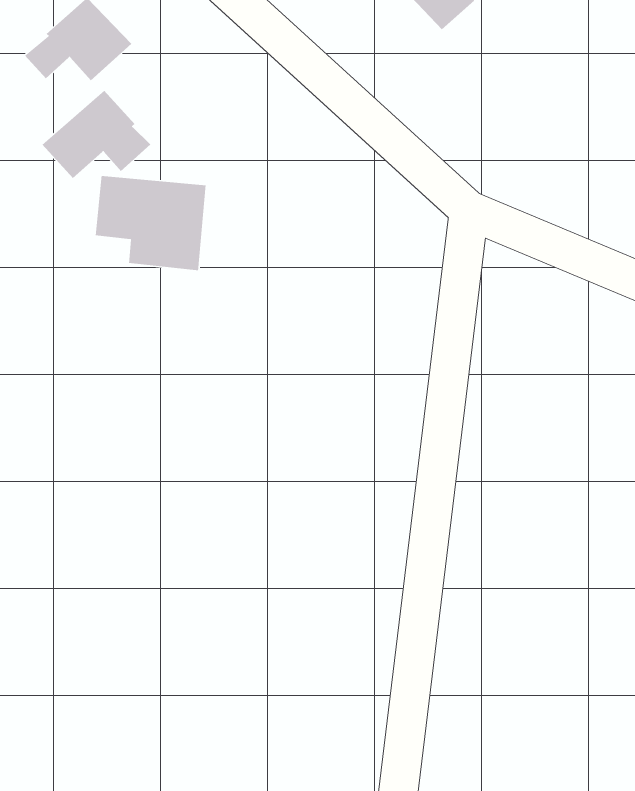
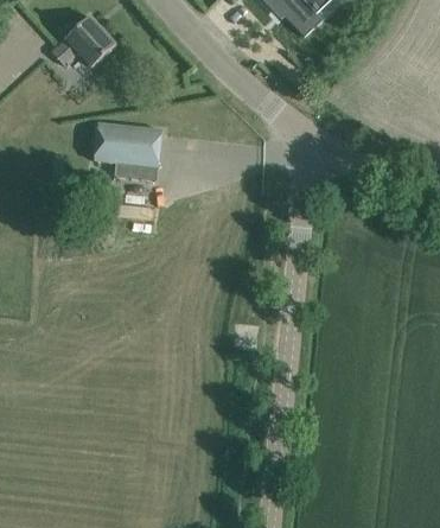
building: [42,90,151,179] -> none

